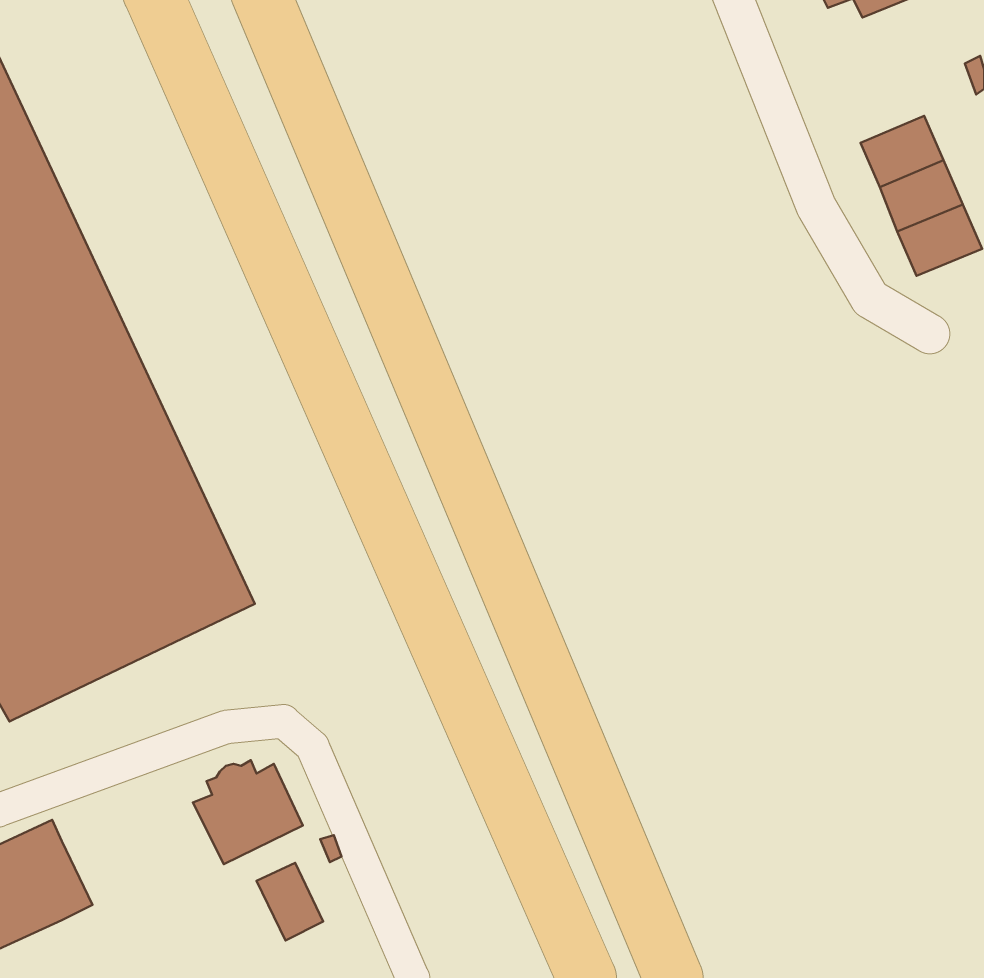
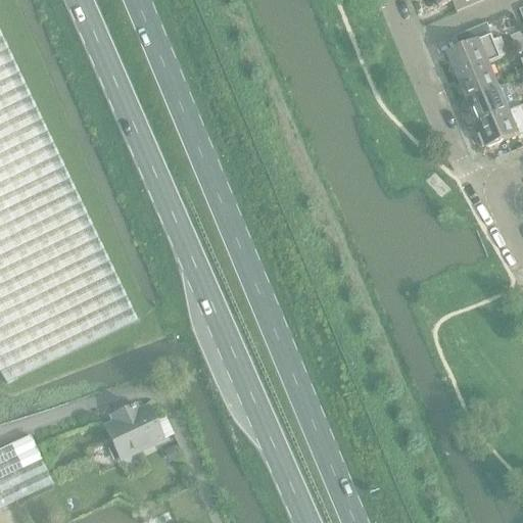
building: none -> [445,22,500,76]
building: [257,863,323,941] -> none

